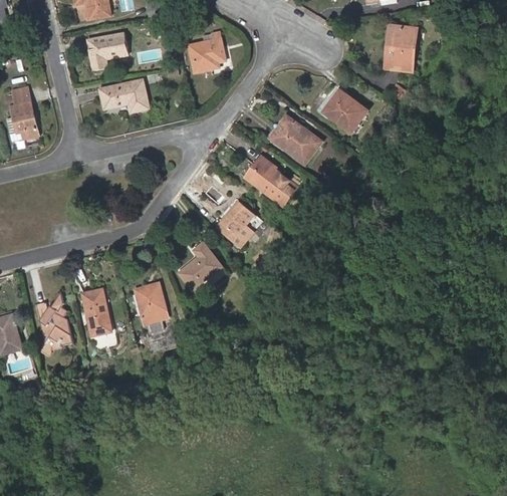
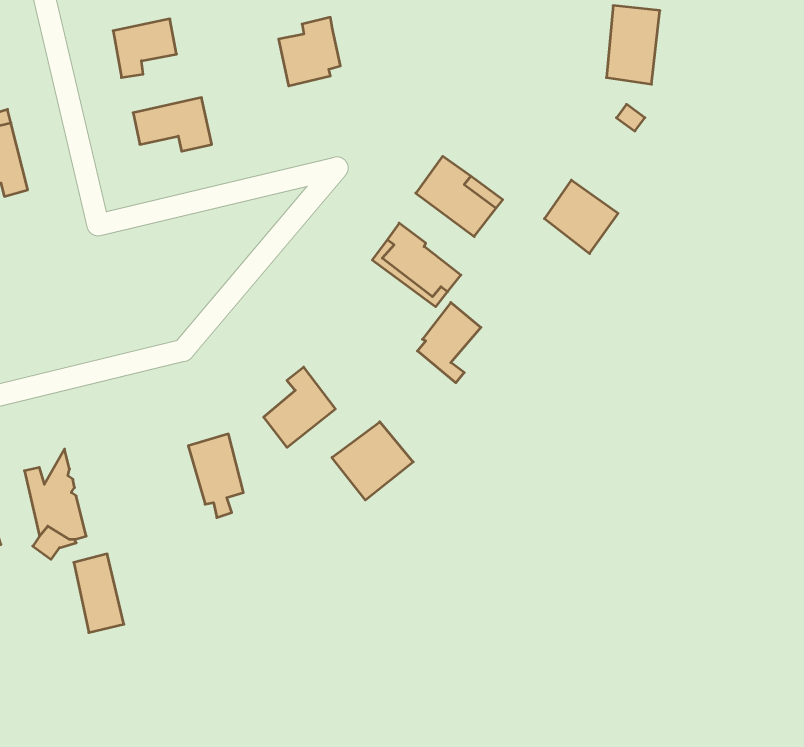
building: [323,89,367,134] -> [544,180,618,254]
building: [217,200,255,248] -> [417,302,481,383]
building: none -> [332,422,413,500]
building: [81,289,111,336] -> [74,554,124,633]

